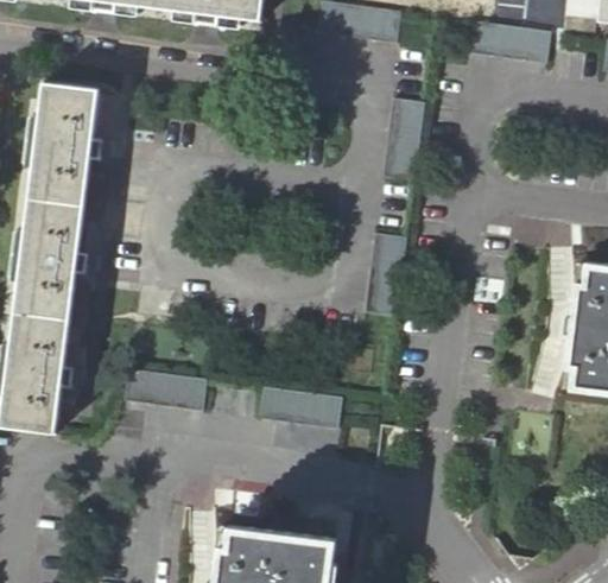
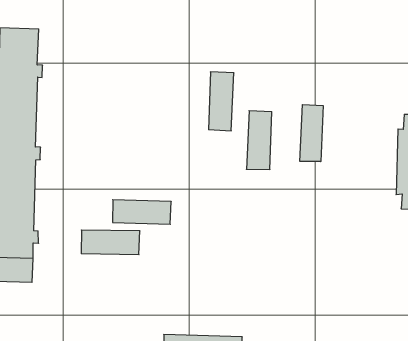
building: [382,97,425,180] -> [209,72,234,131]
building: none -> [300,105,323,162]
building: [256,386,340,427] -> [113,200,171,224]

